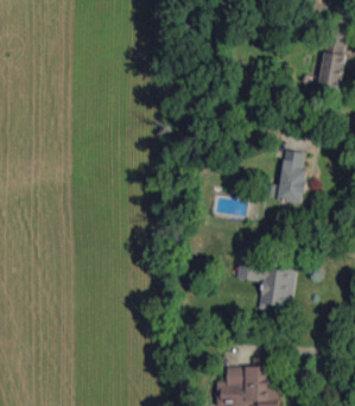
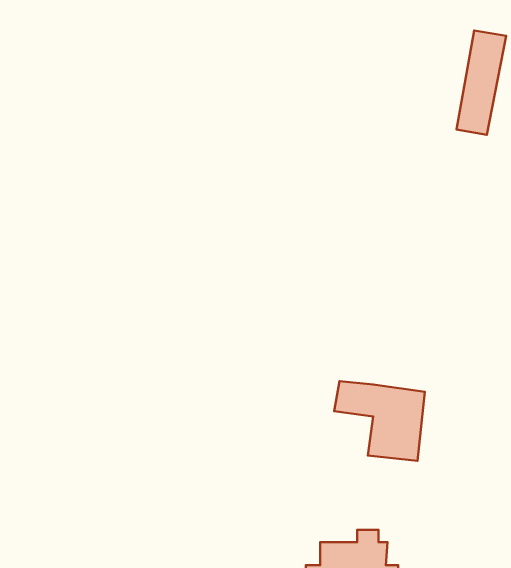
building: [268,152,308,205] -> none

